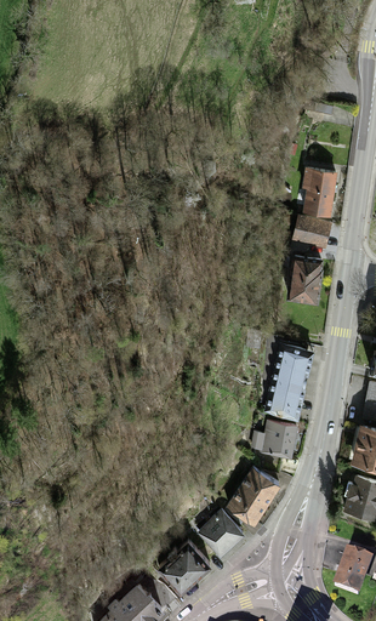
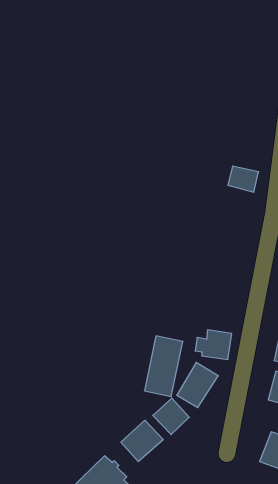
building: [302,163,337,211] -> none
building: [289,249,324,296] -> none
building: [264,338,313,415] -> [144,336,183,397]

